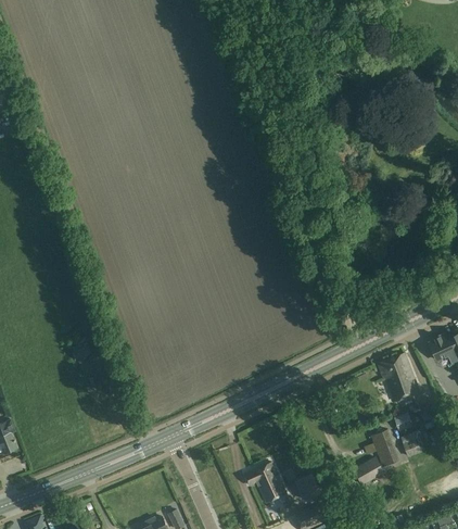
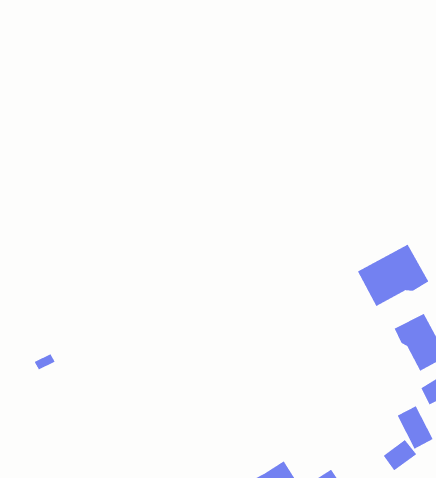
building: none -> [357,244,429,307]

